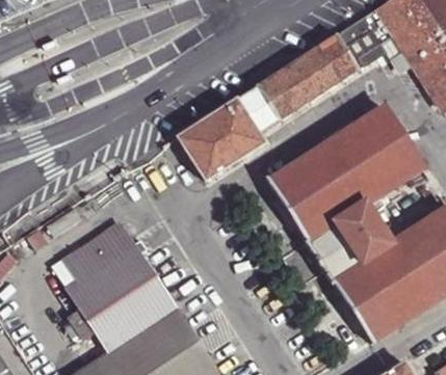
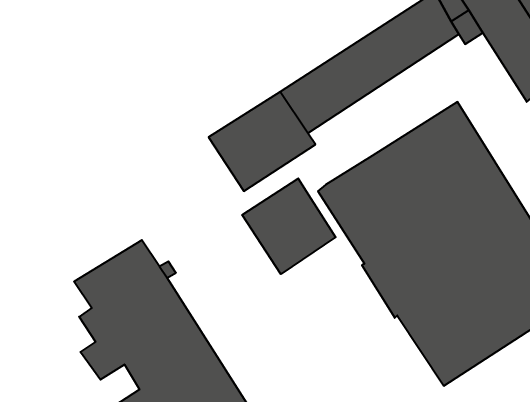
building: none -> [242,178,336,274]

